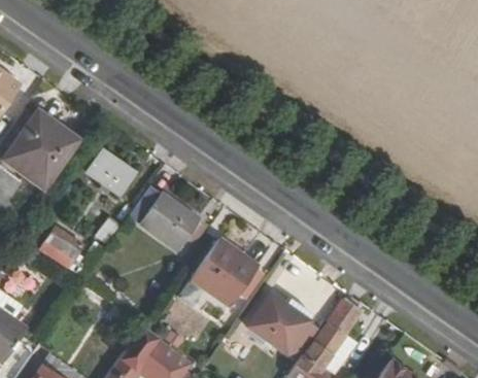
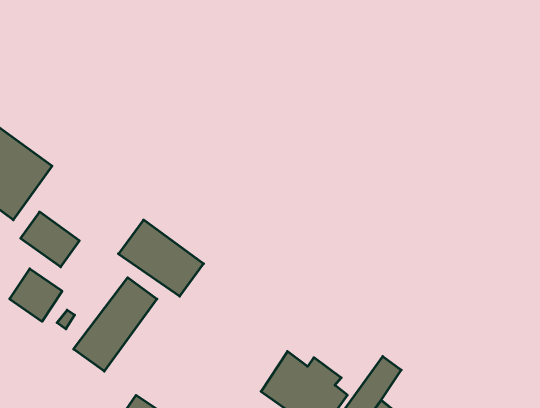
building: [84,150,133,196] -> [21,212,79,267]
building: none -> [74,278,157,371]
building: [193,239,259,305] -> none

